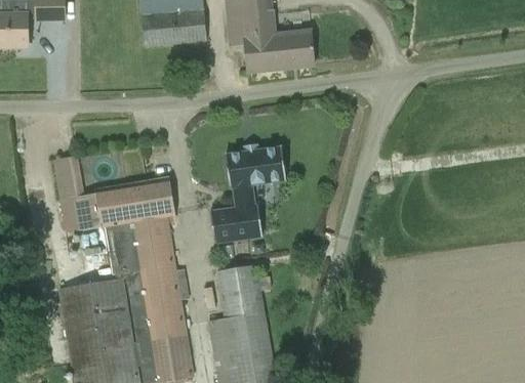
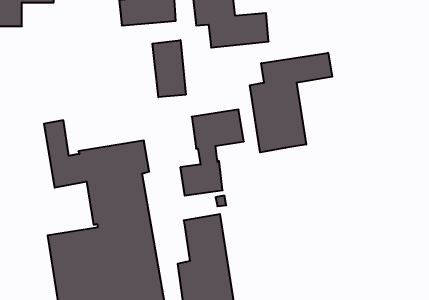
building: none -> [152,40,186,97]
building: none -> [250,53,332,152]

